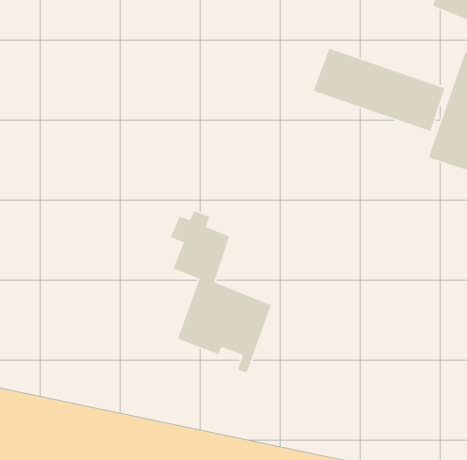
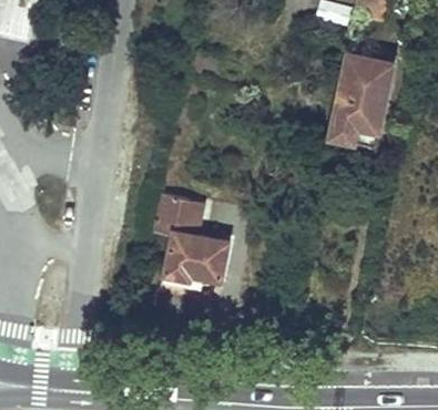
building: [312,48,446,132] -> none

